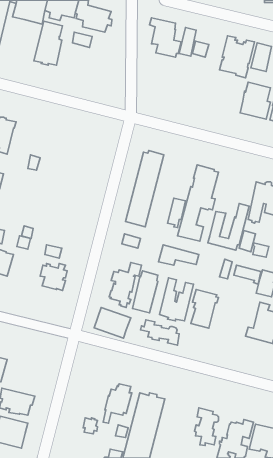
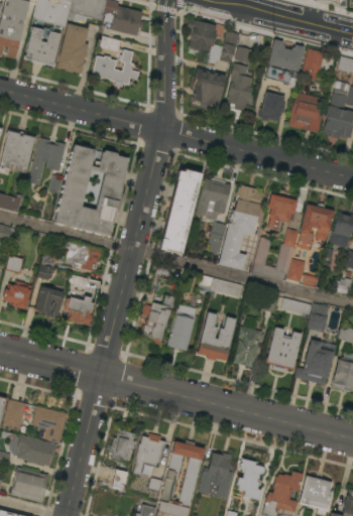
building: none -> [23,19,61,68]
building: none -> [92,49,139,88]
building: none -> [226,63,253,112]
building: none -> [191,69,227,110]
building: none -> [258,93,285,123]
building: none -> [29,138,67,185]
building: none -> [54,145,128,238]
building: none -> [196,179,232,217]
building: none -> [267,195,300,232]
building: none -> [62,242,104,272]
building: none -> [34,286,65,319]
building: none -> [266,328,302,373]
building: [94,308,131,338] -> none
building: [140,320,179,345] -> none
building: none -> [32,407,67,443]
building: none -> [109,429,136,462]
building: none -> [198,453,233,501]

